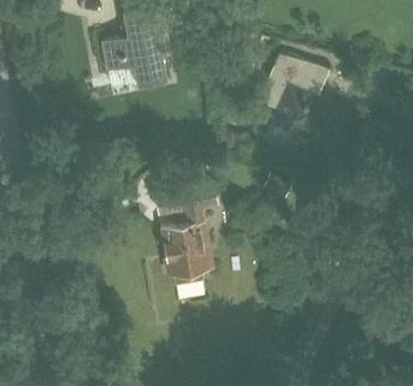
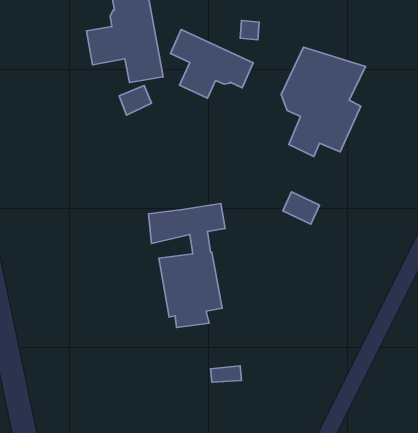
building: none -> [170,30,253,98]

